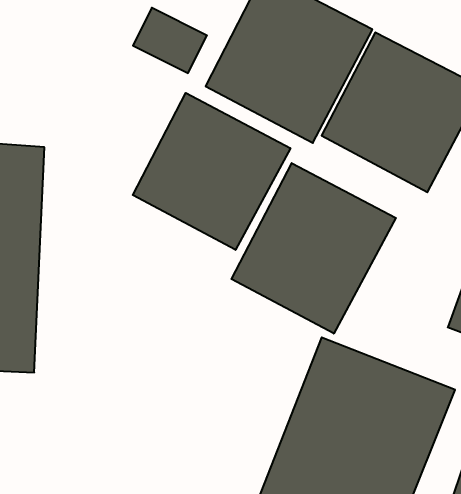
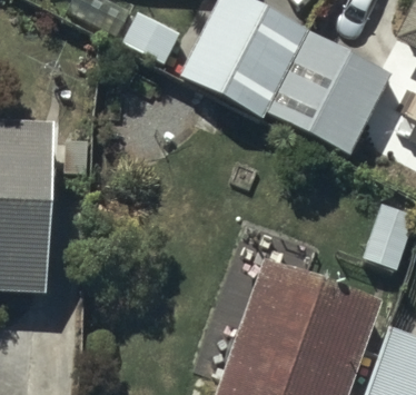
building: [133,93,290,250] -> none
building: [231,163,396,334] -> none

